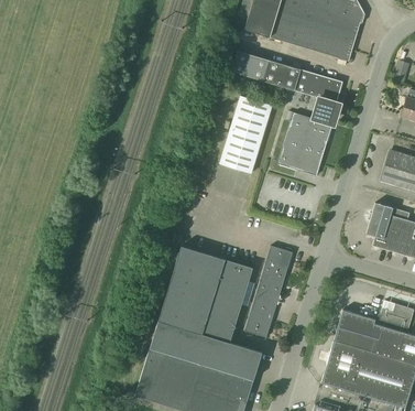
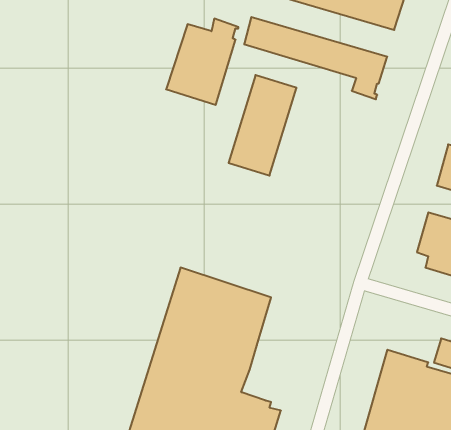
building: [277,108,334,175] -> [166,19,238,105]
building: [244,246,292,338] -> none

